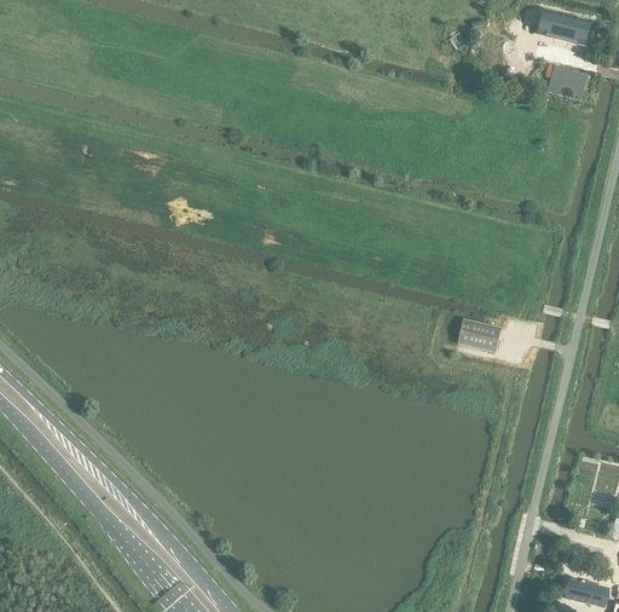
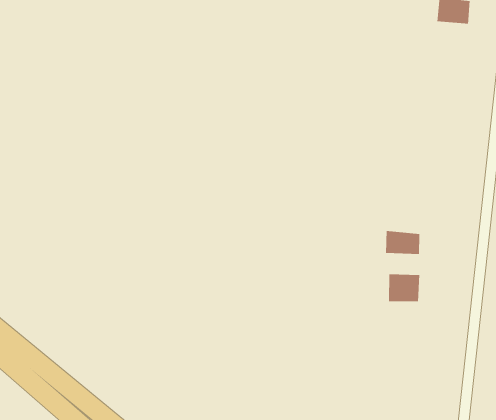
building: none -> [388,274,420,302]

